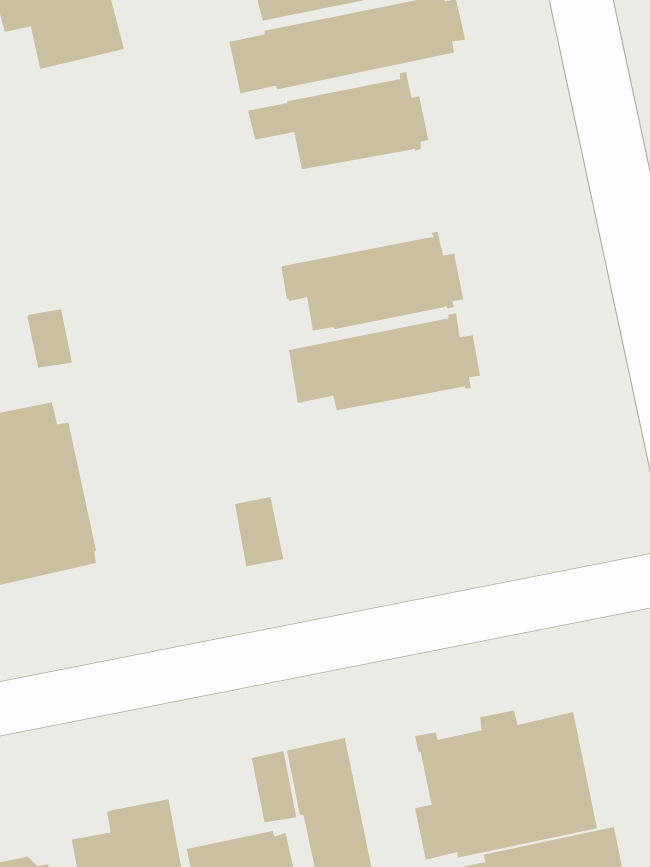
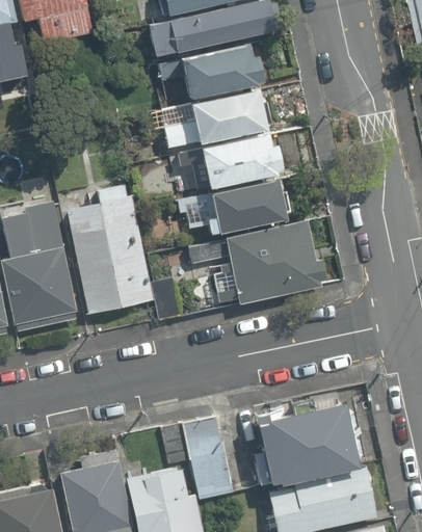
building: none -> [165,88,271,147]
building: none -> [67,185,153,314]
building: none -> [189,219,327,303]

